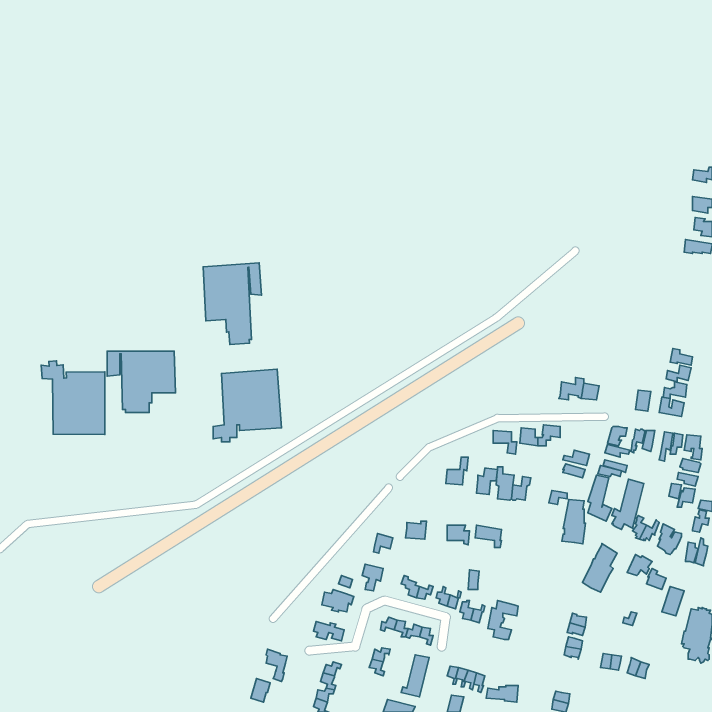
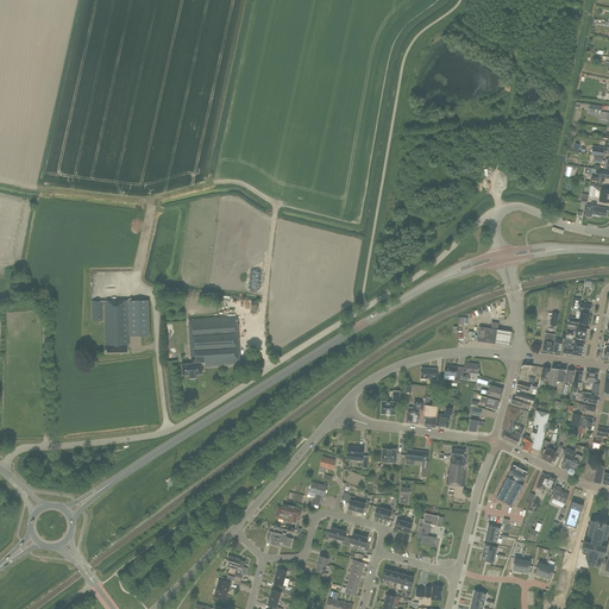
building: [203,263,261,345] -> none
building: [41,361,105,434] -> none
building: [562,499,586,544] -> [446,448,466,486]

